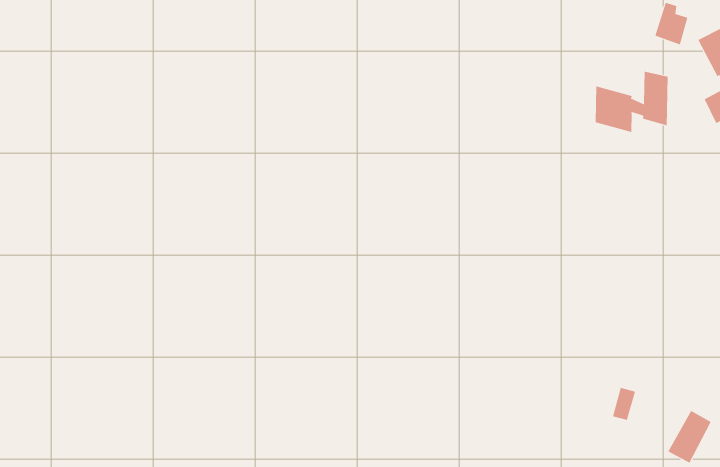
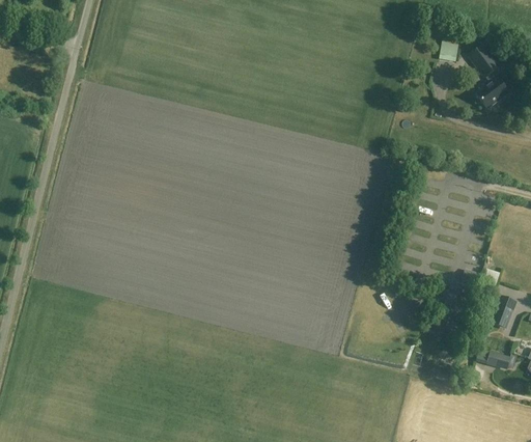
building: [595,71,668,133] -> none

